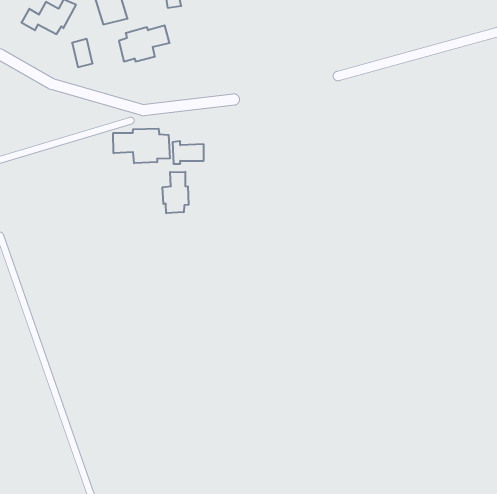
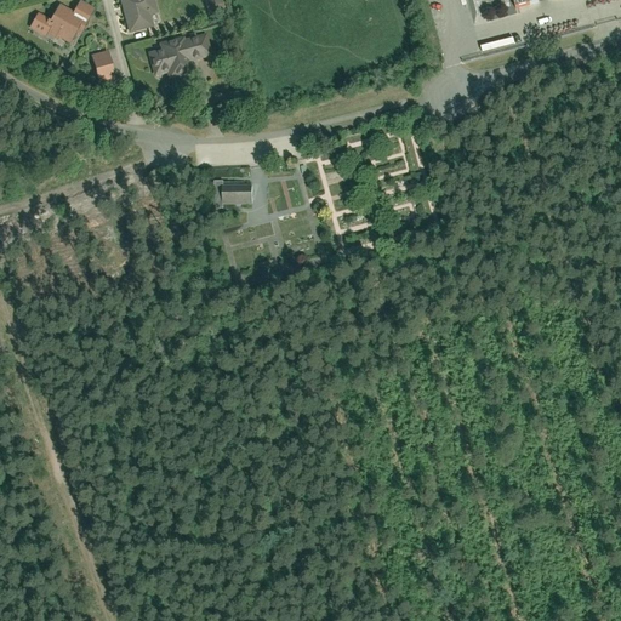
building: [113,129,170,163] -> none
building: [163,172,188,213] -> none

